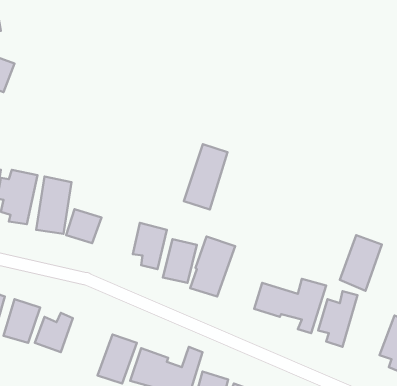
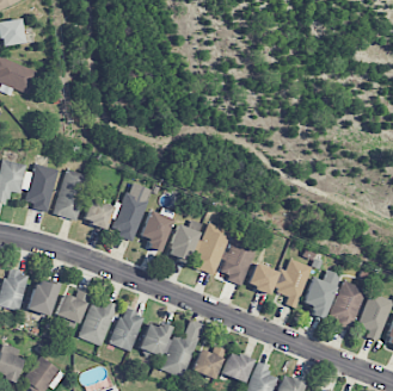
building: [184,144,227,209] -> [112,181,151,238]
building: [340,235,382,291] -> [328,280,366,329]
building: none -> [219,234,258,284]
building: none -> [78,299,117,346]

